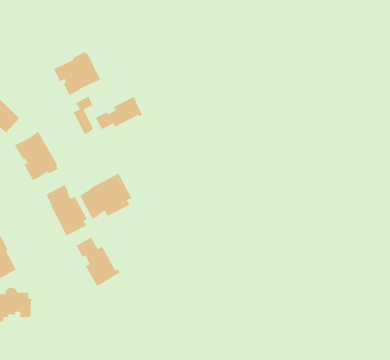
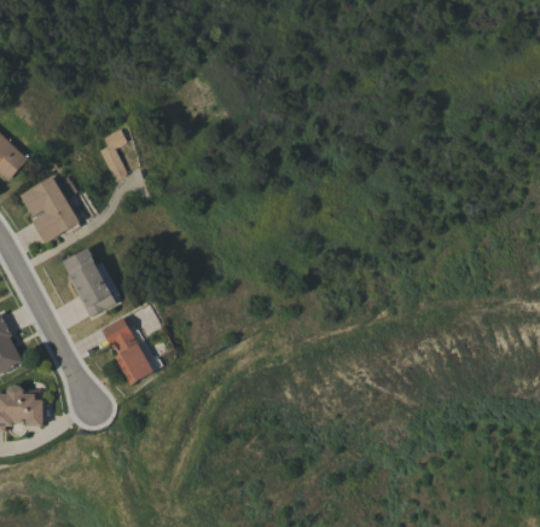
building: [53,51,101,96] -> none
building: [95,96,143,130] -> none
building: [79,173,133,219] -> none

